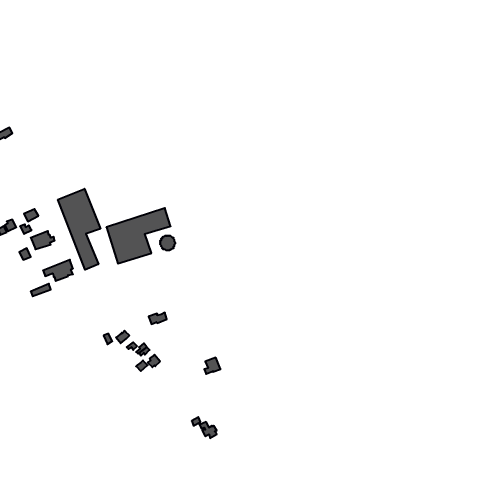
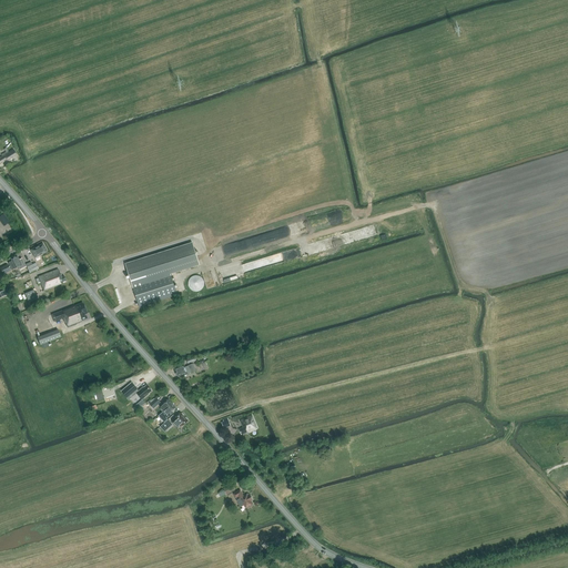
building: [58,189,100,270] -> none

